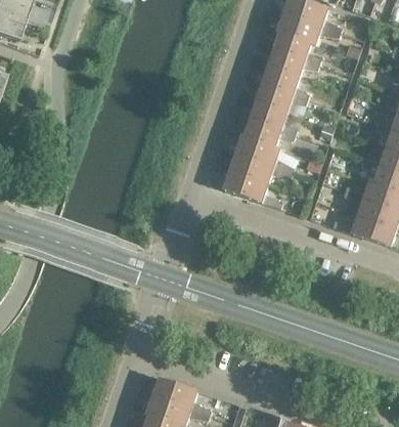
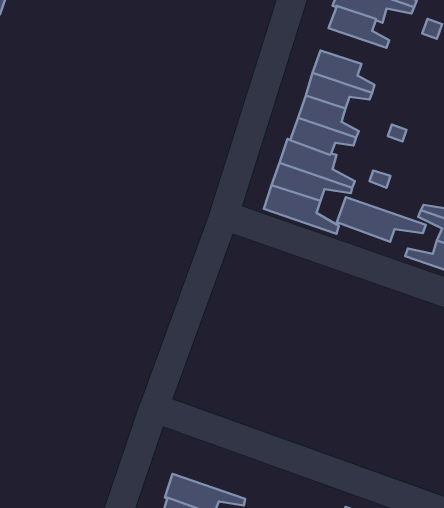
building: [266,49,317,77] -> none
building: none -> [337,197,426,242]
building: [151,377,210,415] -> none

